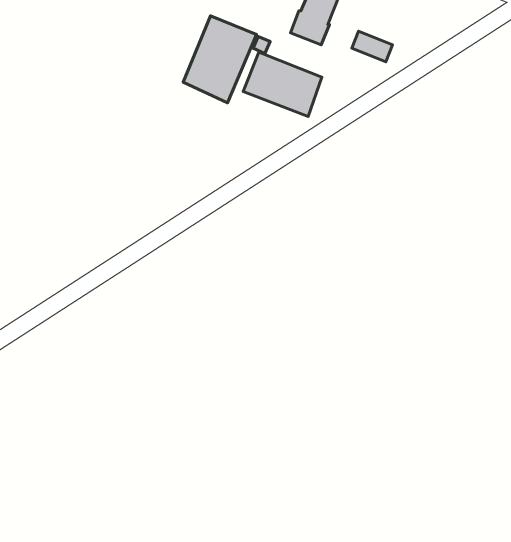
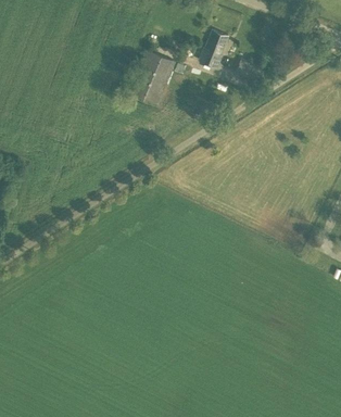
building: [243,52,322,116] -> none

